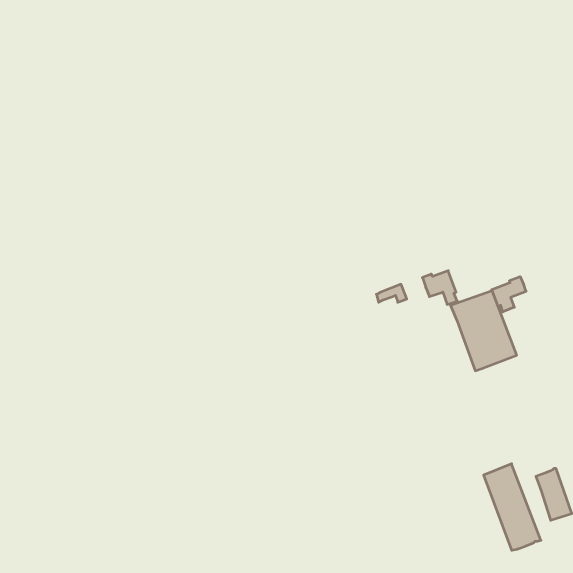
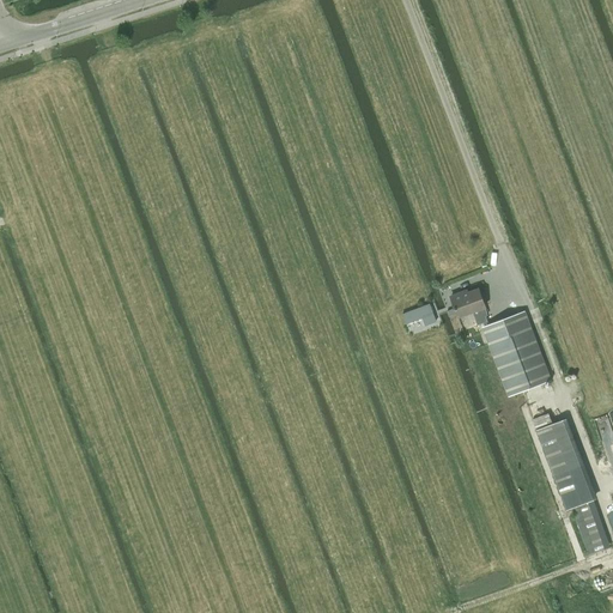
building: [492,277,526,312] -> none
building: [484,464,541,550] -> [535,417,596,509]

